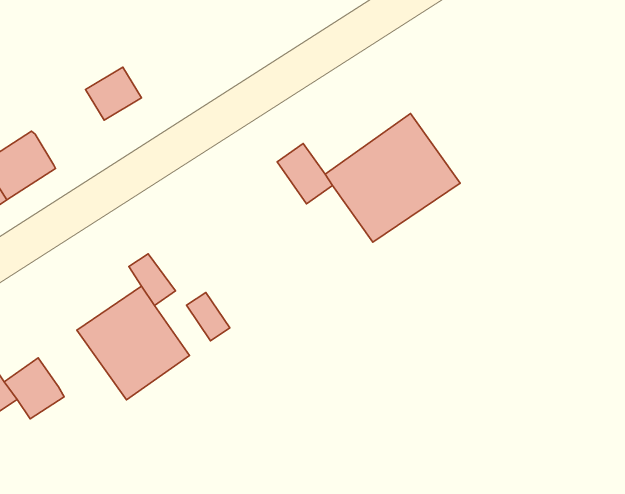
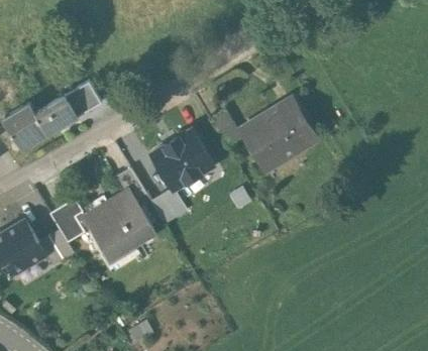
building: [85,67,141,120] -> [66,84,99,115]
building: none -> [151,129,213,190]
building: none -> [49,201,83,243]

